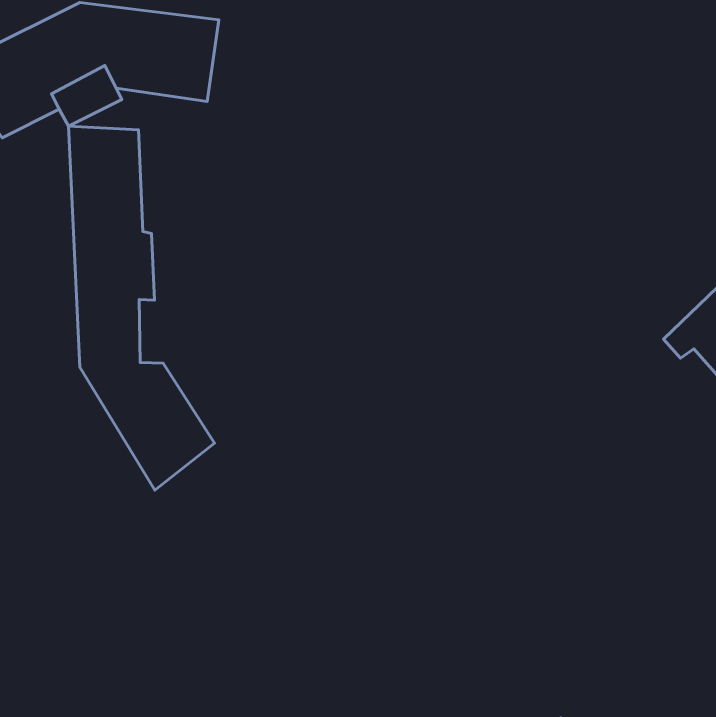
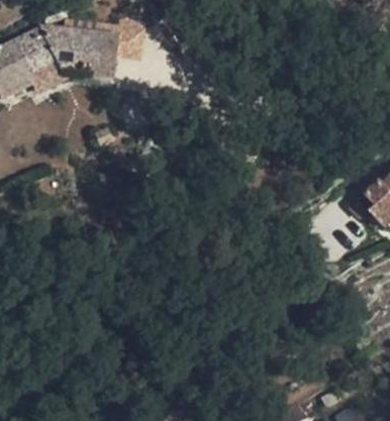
building: [69,126,214,490] -> none

